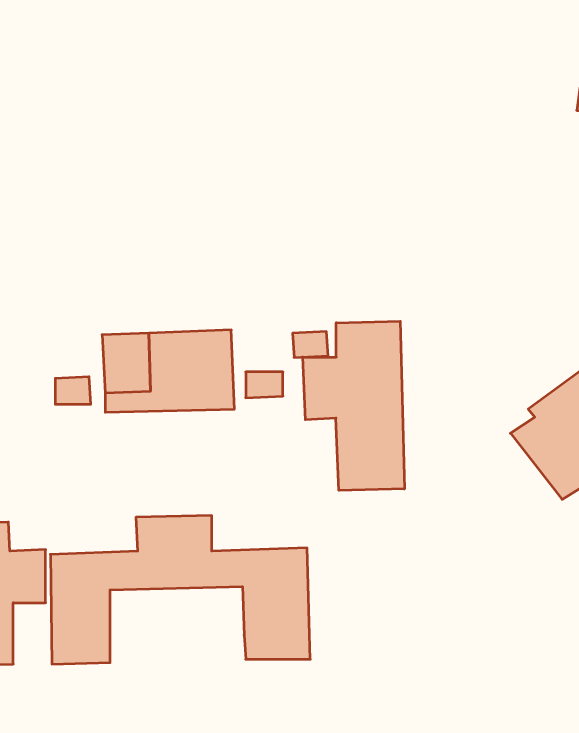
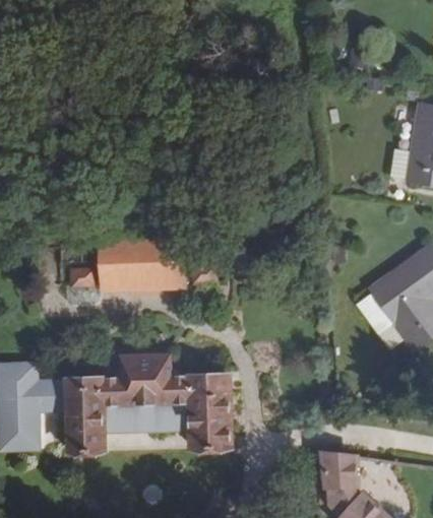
building: [303,321,404,490] -> none
building: none -> [105,400,189,433]
building: none -> [297,452,358,485]

